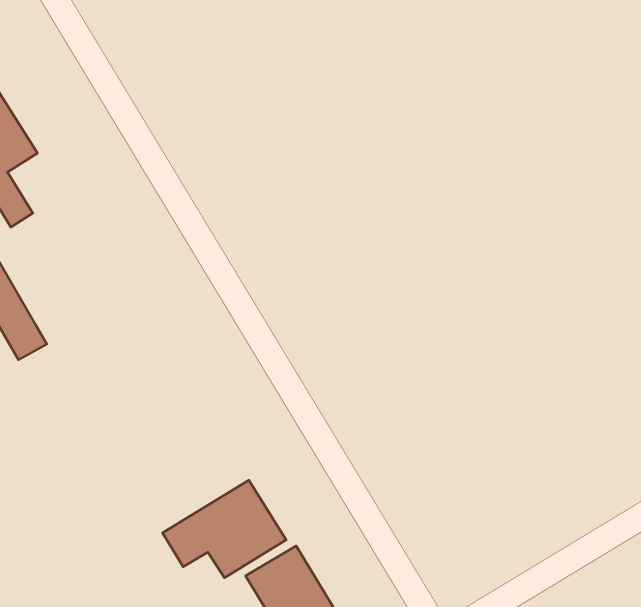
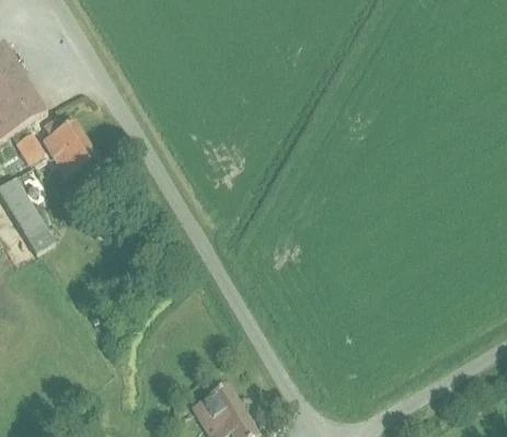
building: none -> [41,119,96,177]
building: [162,480,286,578] -> none

